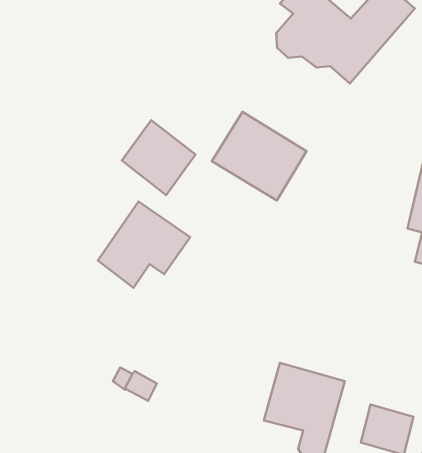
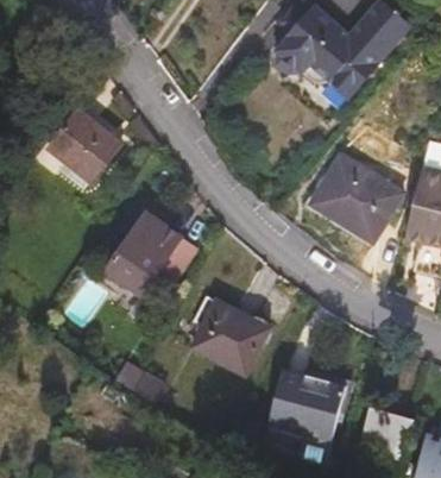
building: [212,112,306,200] -> [311,156,403,241]
building: [122,120,195,195] -> [49,109,120,182]
building: none -> [193,301,267,373]

